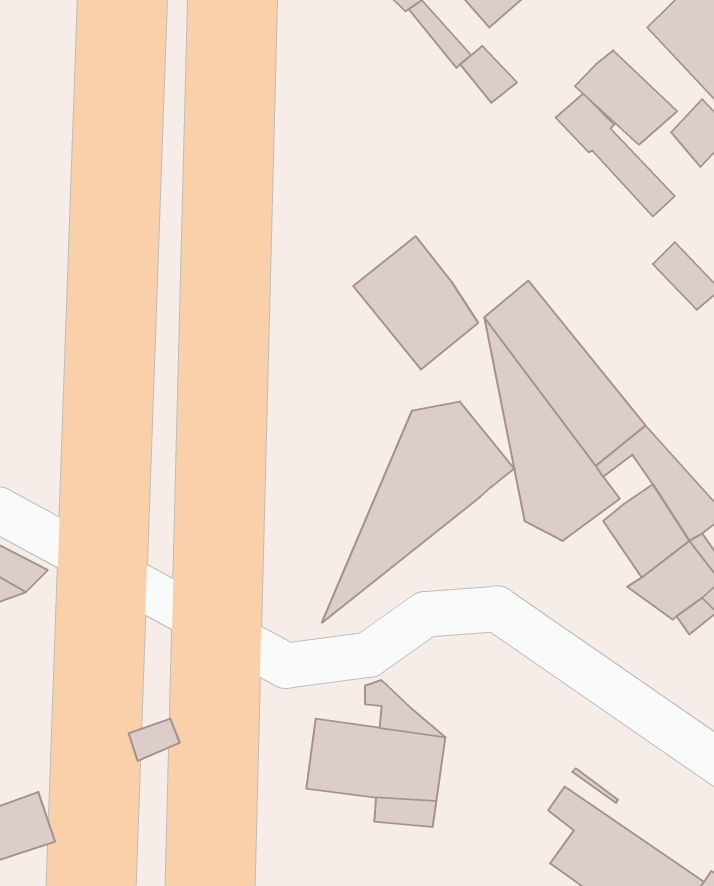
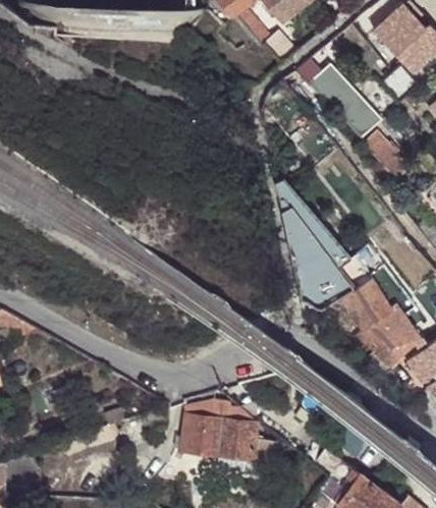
building: [575,50,677,145] -> none
building: [353,236,478,370] -> none
building: [322,401,514,623] -> none

